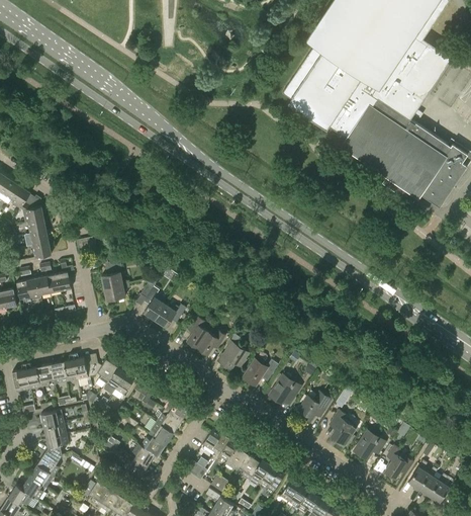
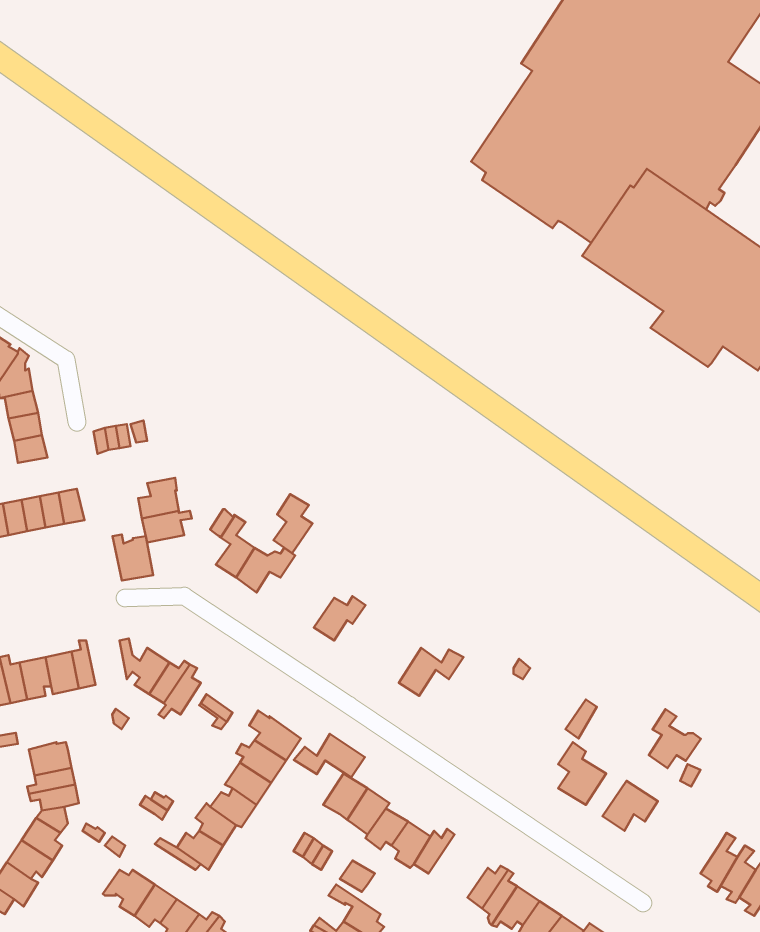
building: [186,315,207,347] -> [274,494,312,553]
building: [217,341,249,369] -> none
building: [72,353,94,378] -> [113,534,153,581]
building: [269,374,300,403] -> none
building: [297,391,332,421] -> none
building: none -> [294,734,365,778]
building: [384,445,412,478] -> [649,709,701,768]
building: [259,460,283,494] -> none

